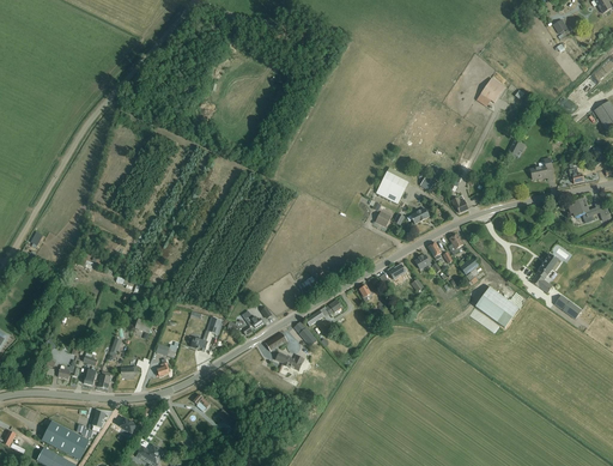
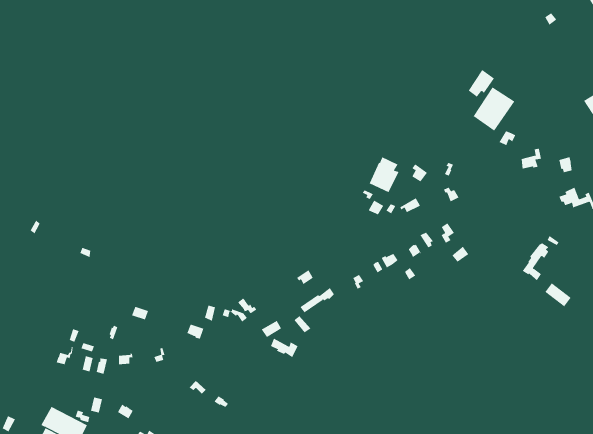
building: none -> [473,87,515,131]
building: [475,286,518,327] -> none

